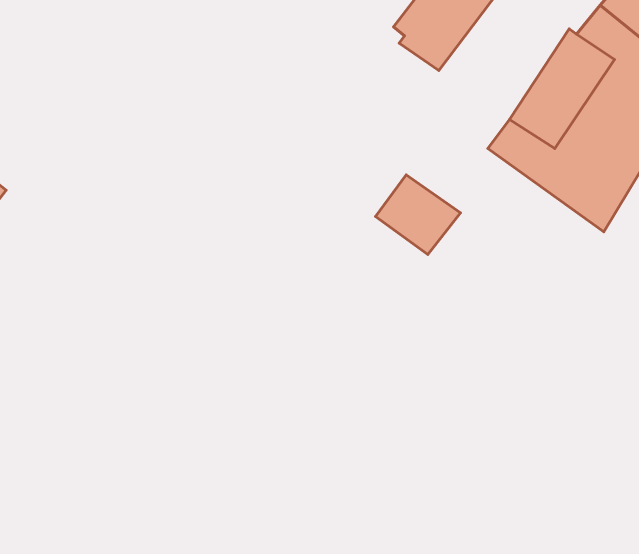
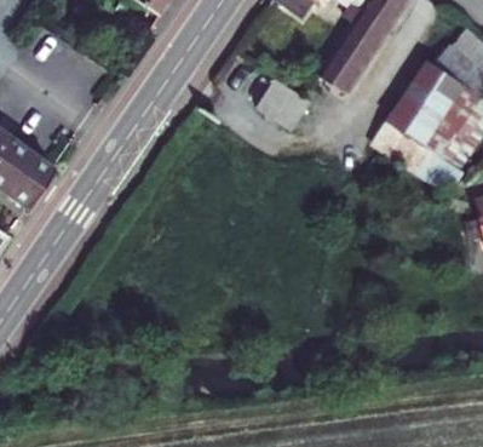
building: [375,175,461,255] -> [263,80,320,133]

